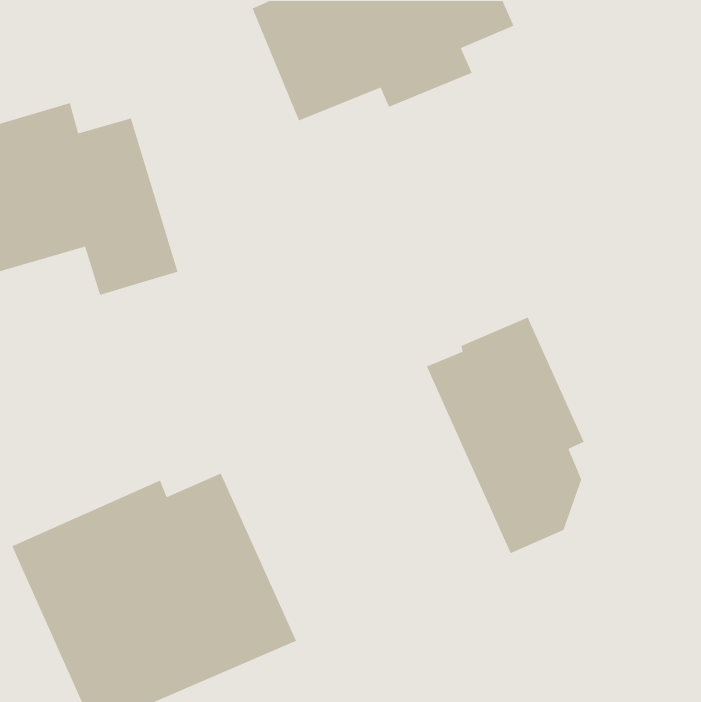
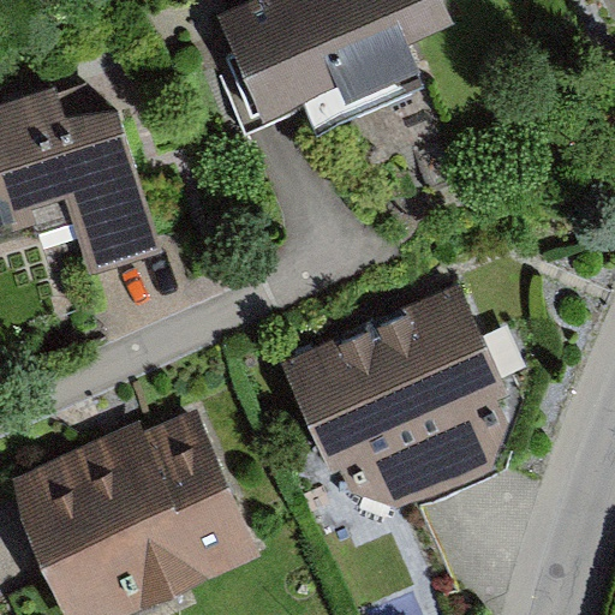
building: none -> [279,322,443,508]

